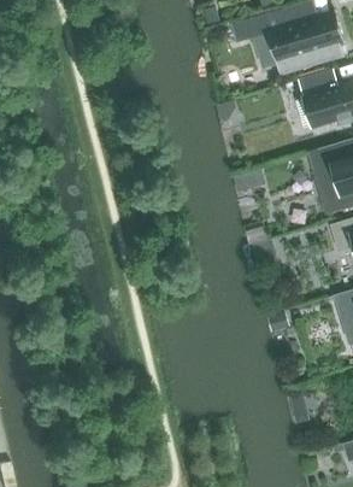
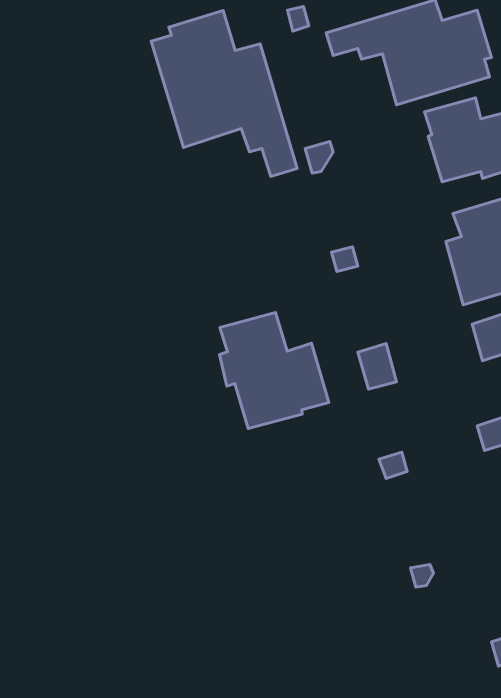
building: none -> [151,11,297,176]
building: none -> [219,312,329,428]

